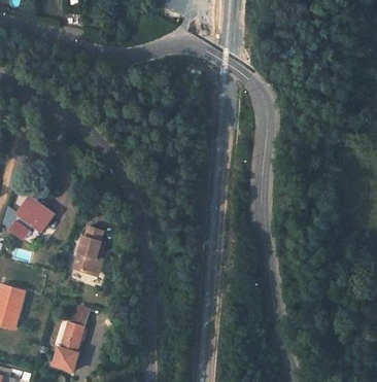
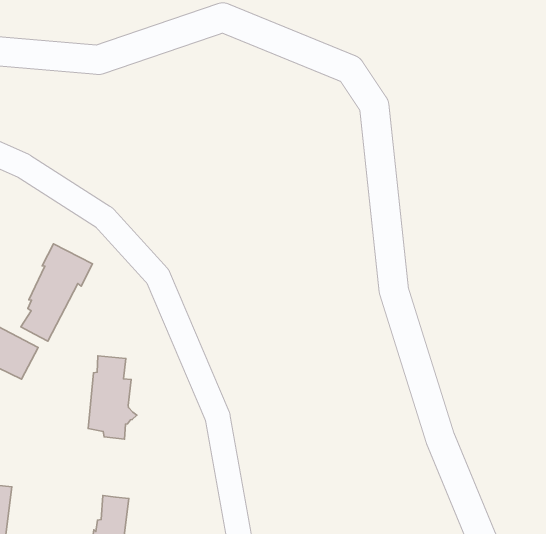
building: none -> [21,244,93,341]

